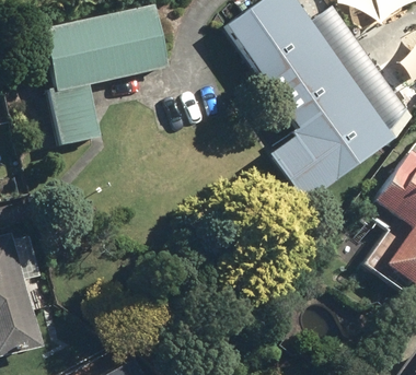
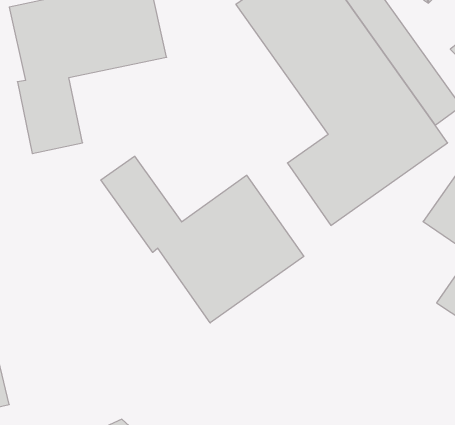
building: none -> [101,156,304,323]

